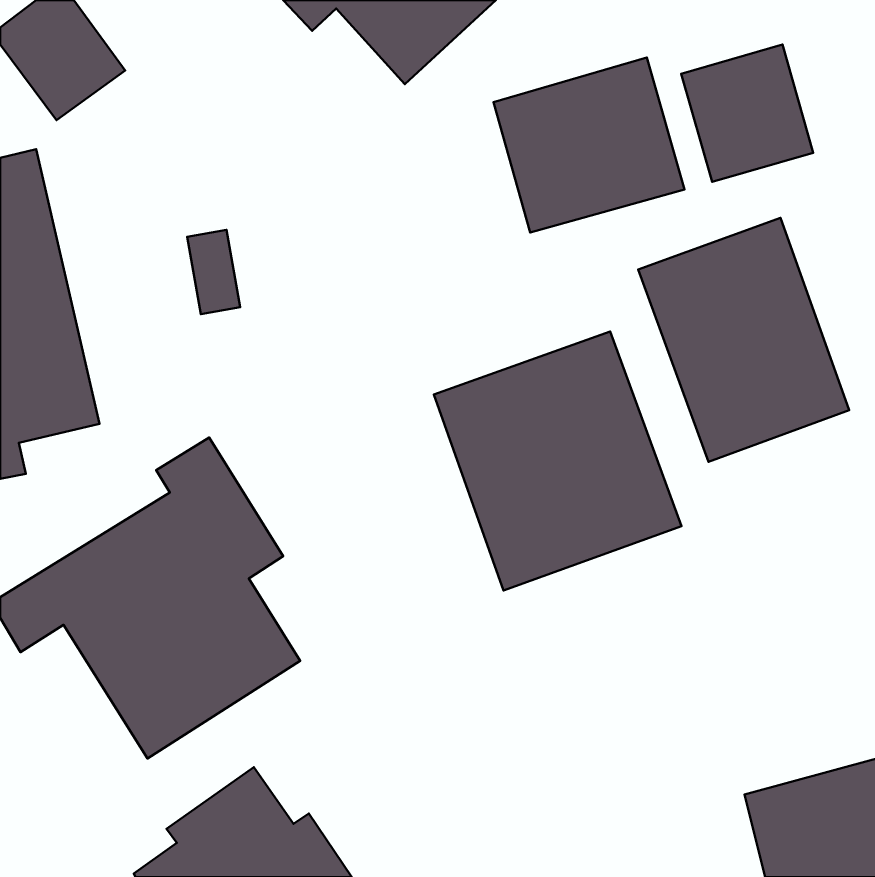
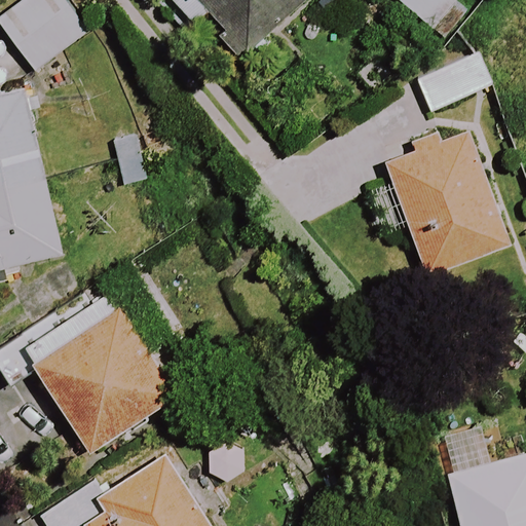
building: [493,58,684,233] -> none
building: [434,332,682,591] -> none

